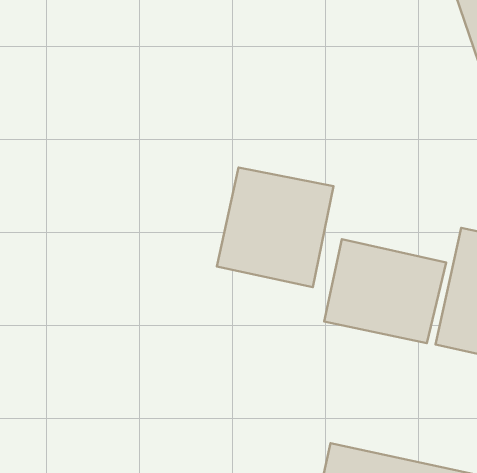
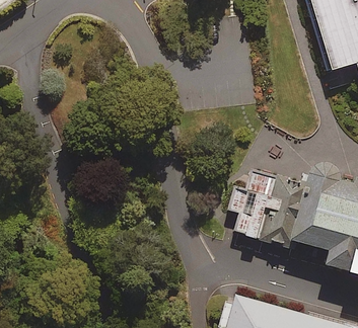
building: [217,168,334,287] -> none

